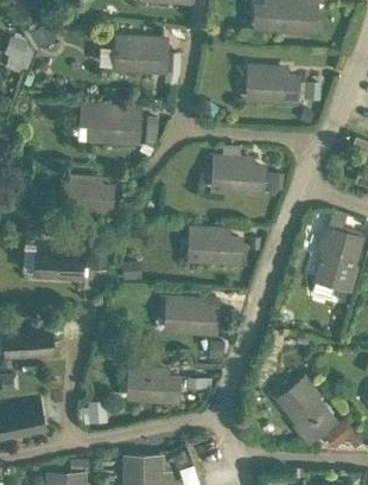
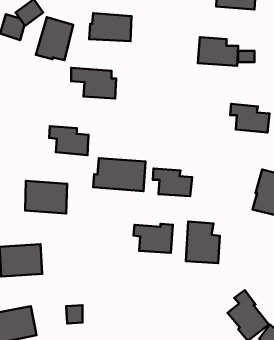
building: none -> [36,17,73,60]
building: [215,157,264,192] -> [230,104,269,132]
building: none -> [93,158,146,191]
building: none -> [186,221,220,263]
building: [129,366,178,402] -> none

